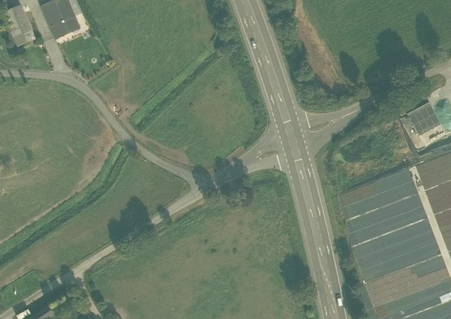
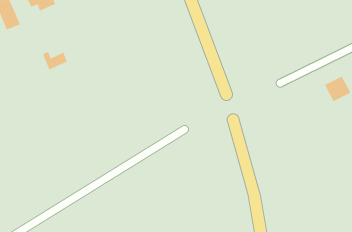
building: [47,16,78,39] -> [42,51,68,70]

